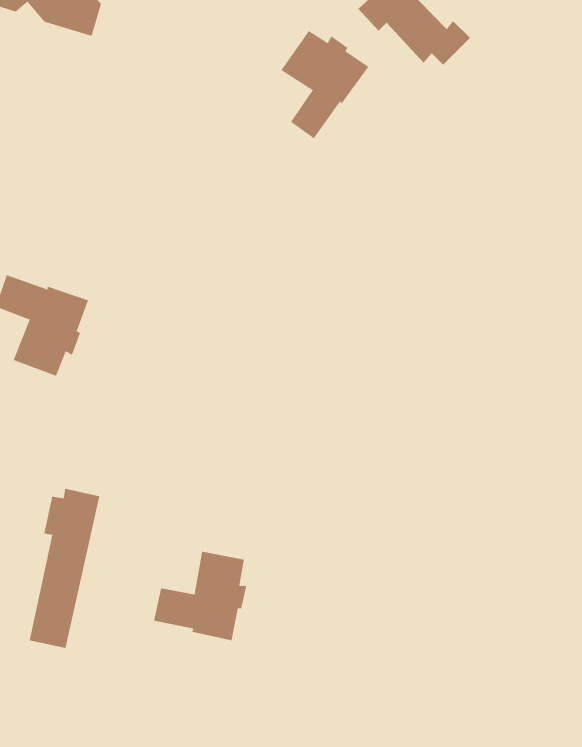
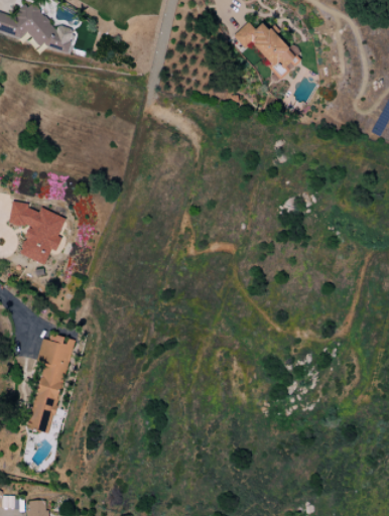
building: [281,30,369,139] -> none
building: [153,551,247,641] -> none

